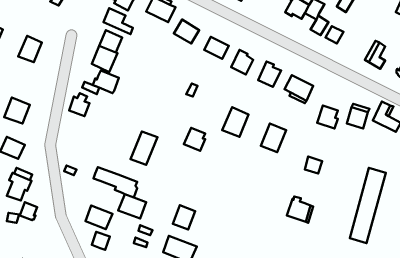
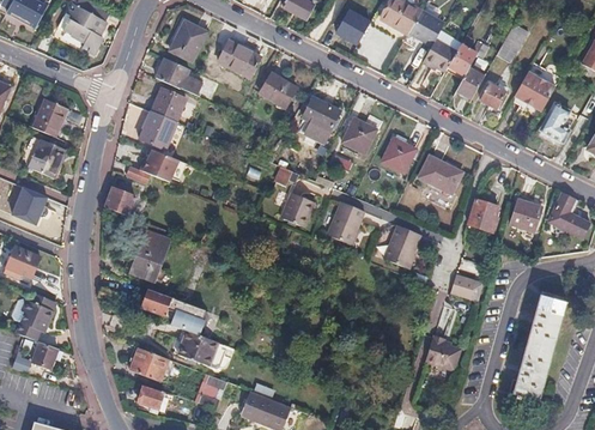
building: none -> [514,71,554,111]
building: none -> [28,138,66,176]
building: [184,128,205,151] -> [283,193,314,226]
building: [130,131,157,165] -> [130,230,170,279]
building: [173,205,195,230] -> none

